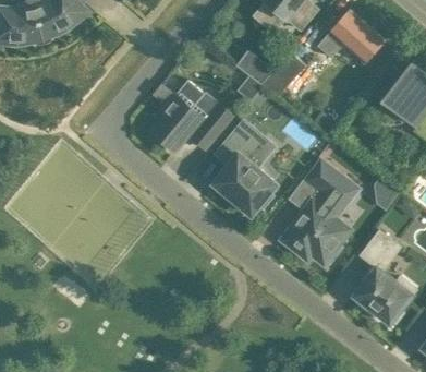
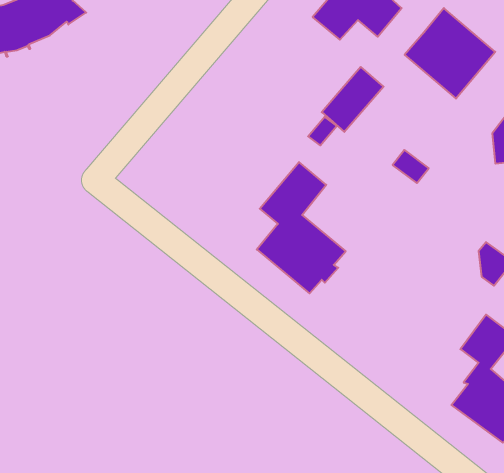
building: [234,49,272,84] -> none
building: [150,80,231,151] -> none
building: [281,160,350,263] -> none

